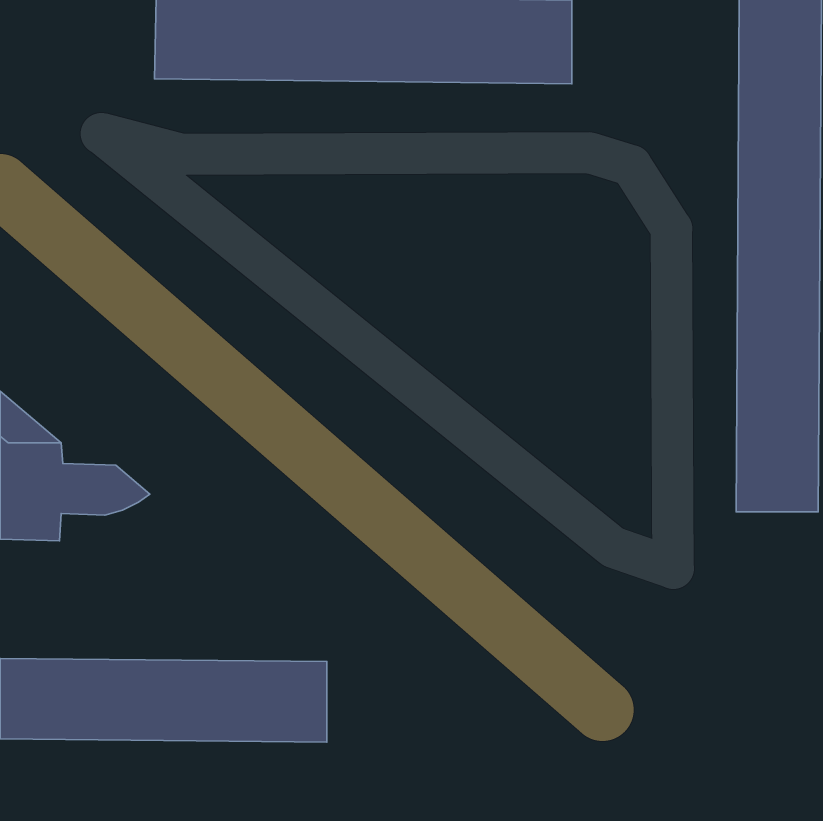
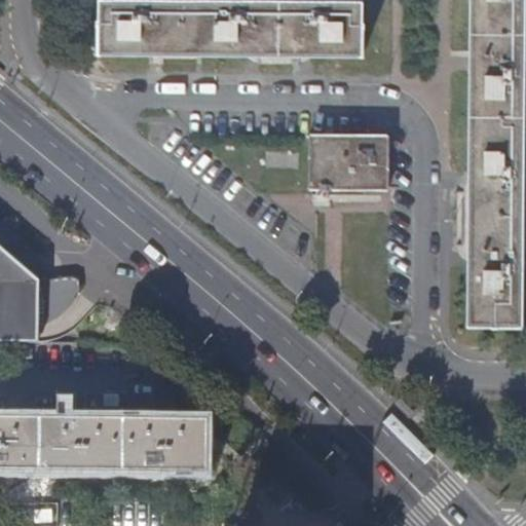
building: none -> [309,134,390,188]

